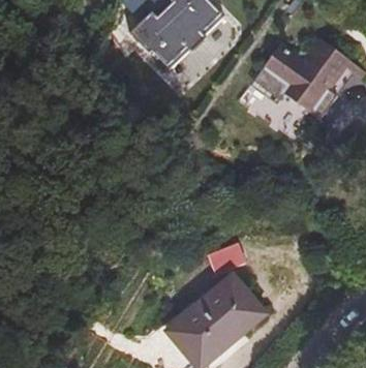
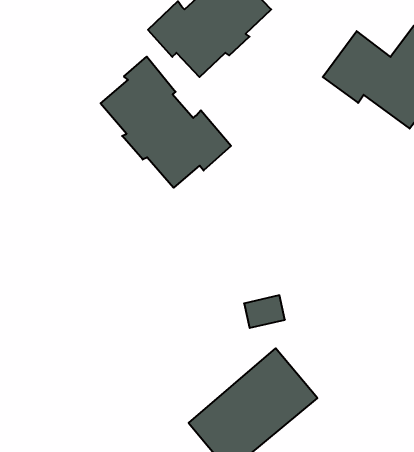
building: none -> [101,57,231,188]

